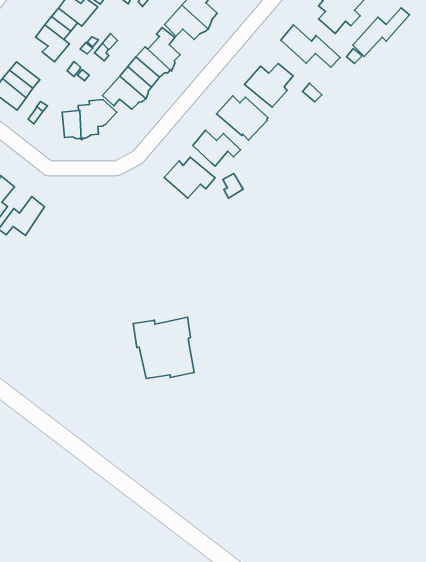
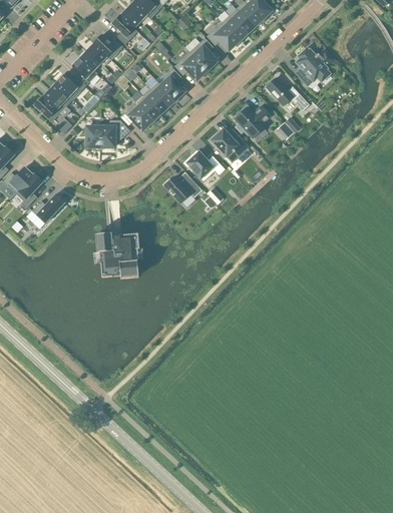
building: [353,8,410,57] -> none
building: none -> [55,74,85,99]
building: [133,317,194,378] -> [95,232,139,279]

